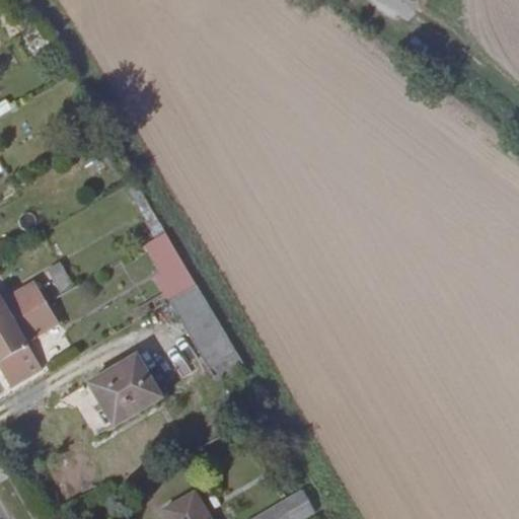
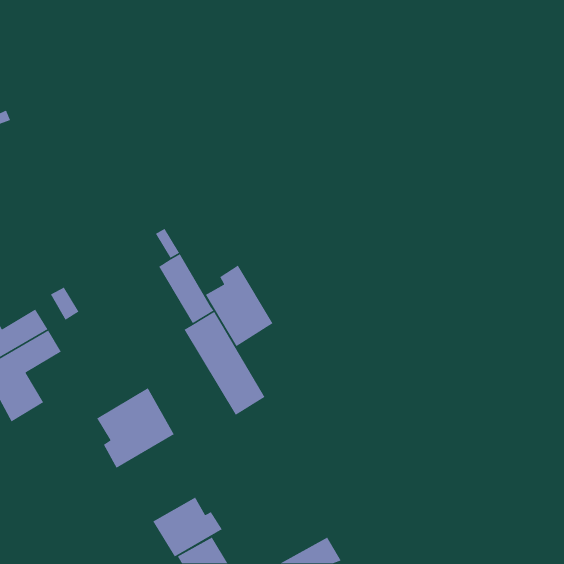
building: none -> [205,265,274,347]
building: none -> [152,496,223,558]

